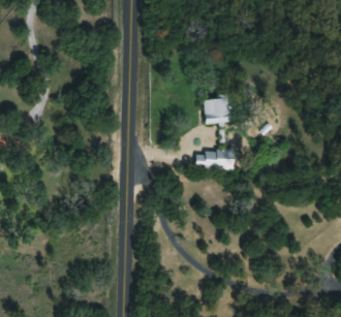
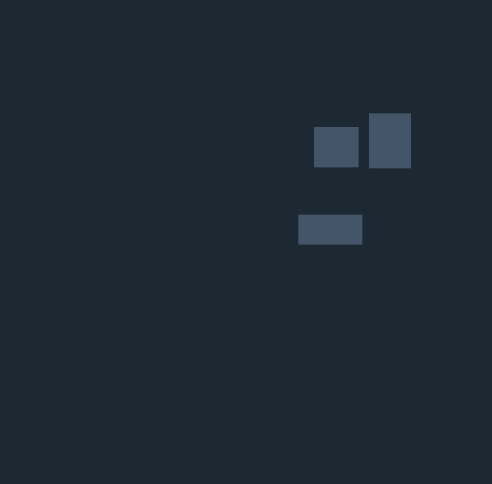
building: none -> [369,112,412,169]

